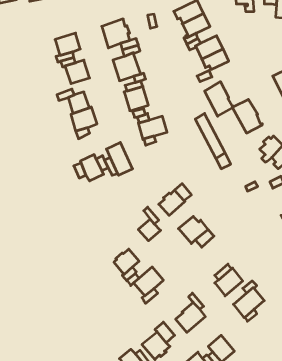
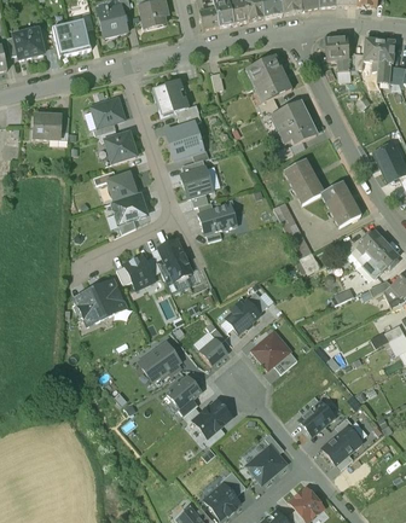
building: none -> [33,114,62,138]
building: none -> [74,279,127,325]
building: none -> [141,342,180,379]

